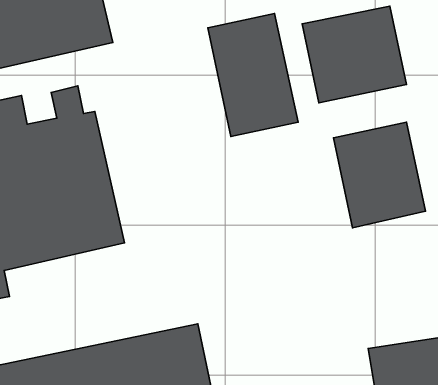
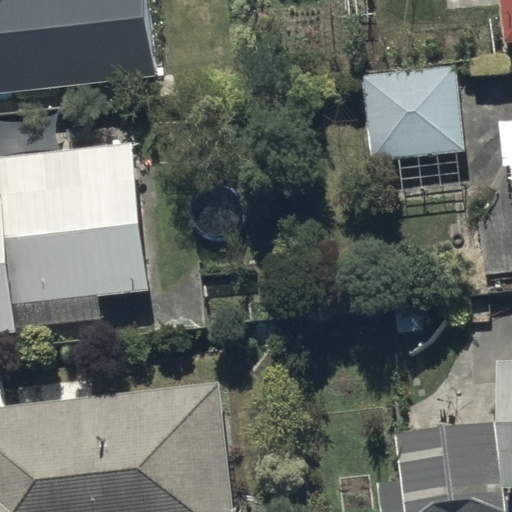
building: [208,14,298,137] -> none
building: [333,122,425,228] -> none

